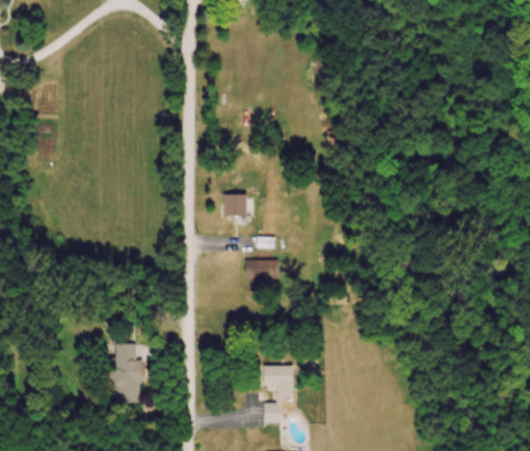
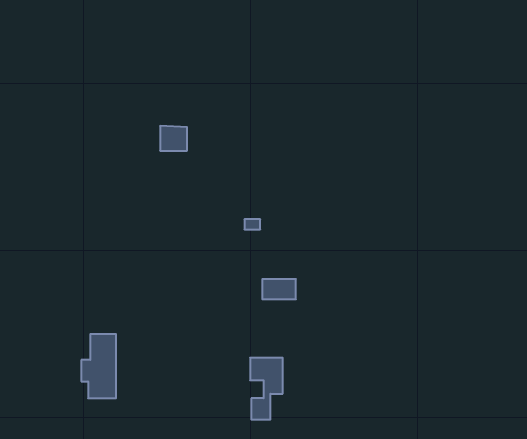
building: [223,193,248,216] -> [160,126,187,151]
building: [247,259,279,277] -> [262,279,296,299]

